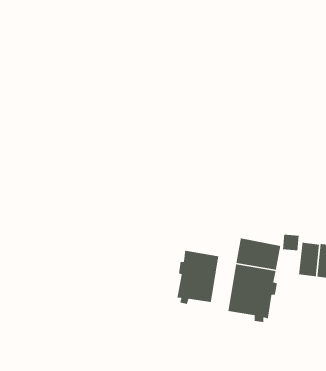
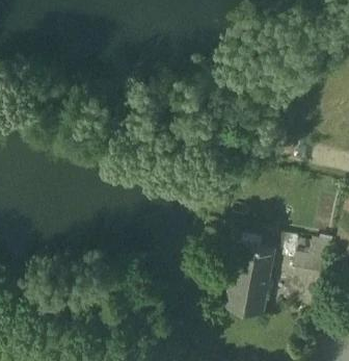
building: [176,250,219,305] -> none

